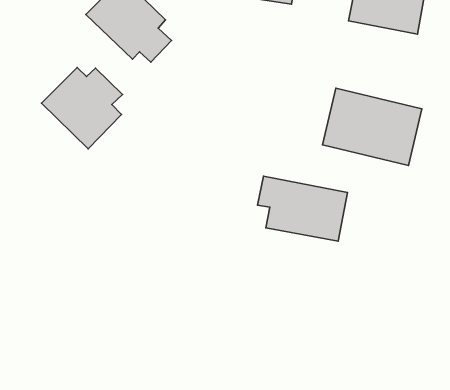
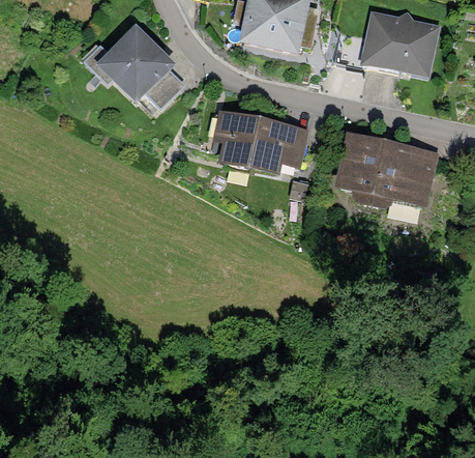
building: [41,67,122,149] -> none
building: [257,176,347,241] -> [214,112,304,177]

